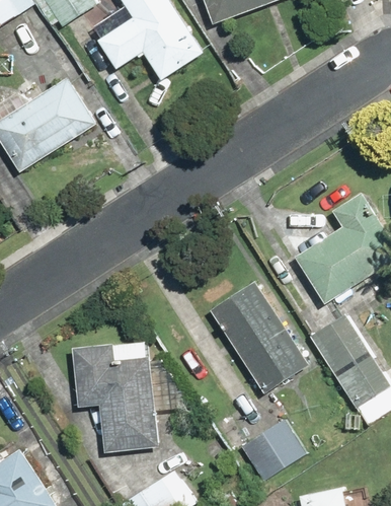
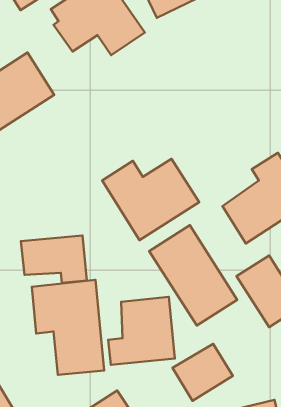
building: none -> [102,159,199,240]
building: none -> [21,235,87,283]
building: none -> [108,297,175,365]

